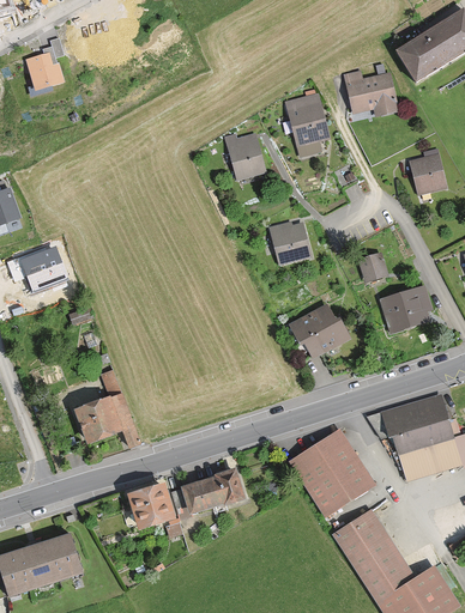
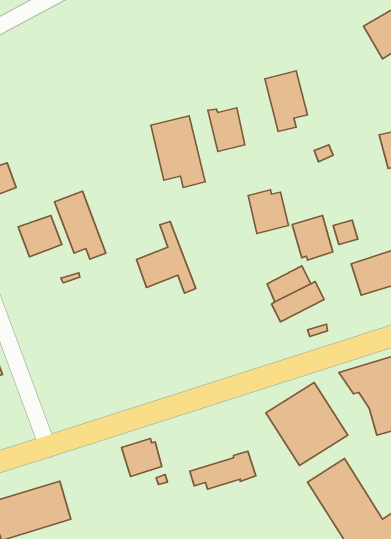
building: [28,53,66,90] -> none
building: [343,72,399,117] -> none
building: none -> [151,116,205,187]
building: none -> [55,191,106,259]
building: none -> [292,215,333,260]
building: [79,371,143,448] -> [136,221,196,293]
building: [173,472,243,512] -> [190,451,256,489]

